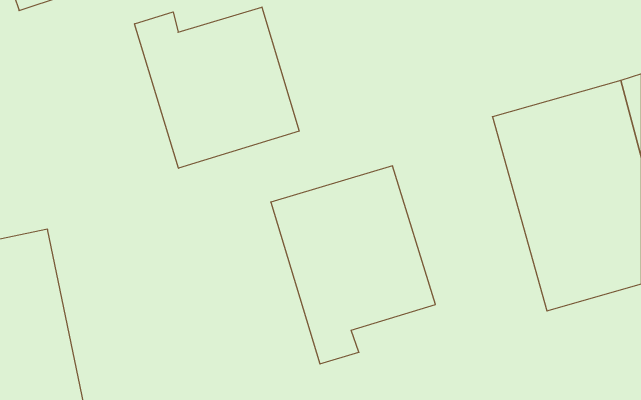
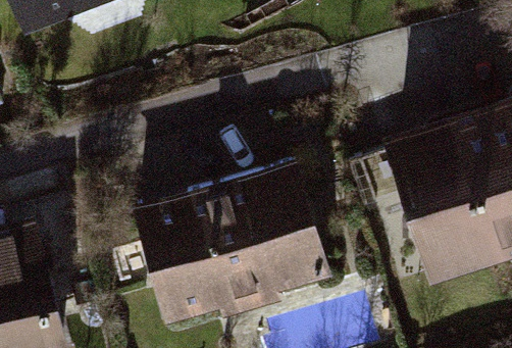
building: [135,7,299,168] -> none
building: none -> [137,187,255,324]

